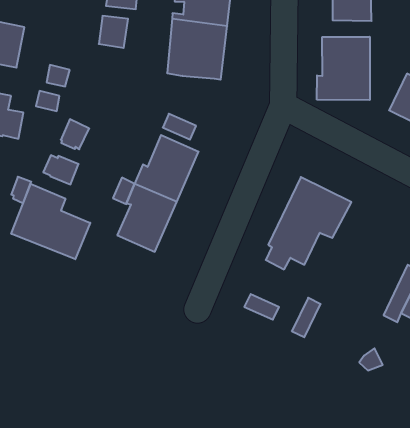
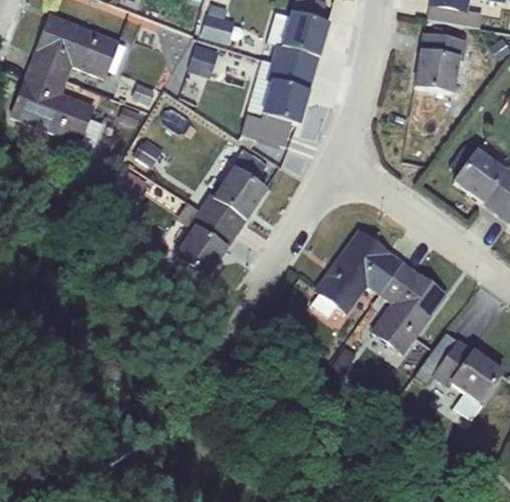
building: [317,37,370,100] -> none
building: none -> [241,113,292,147]
building: [11,184,90,259] -> none
building: none -> [369,262,446,354]

